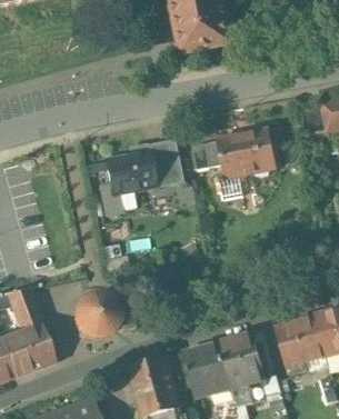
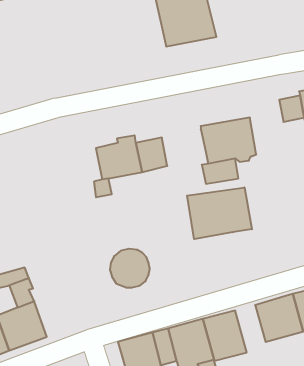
building: [192,141,221,169] -> none
building: none -> [187,187,252,239]
building: [72,297,114,338] -> [110,249,150,288]

